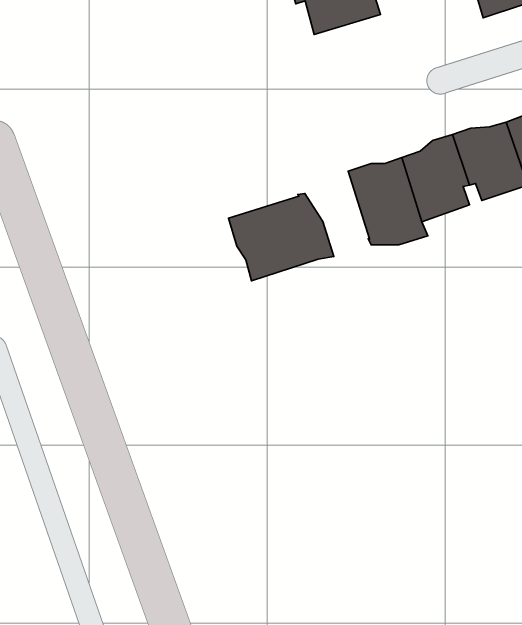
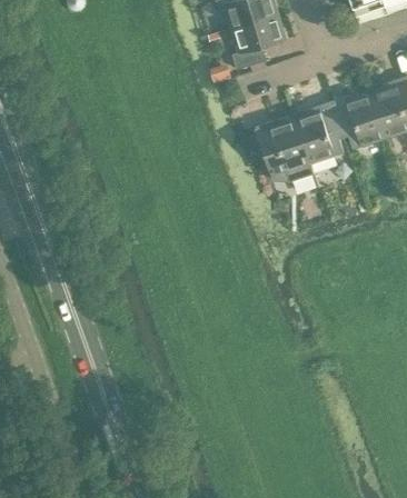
building: none -> [231,13,287,69]
building: [228,194,334,281] -> none

